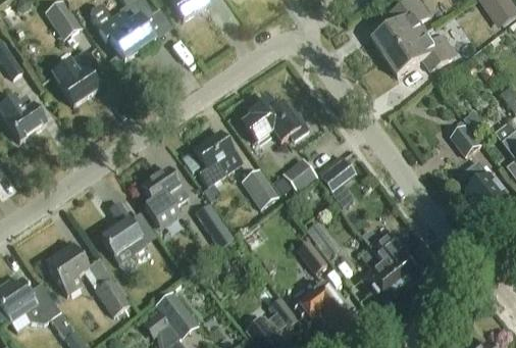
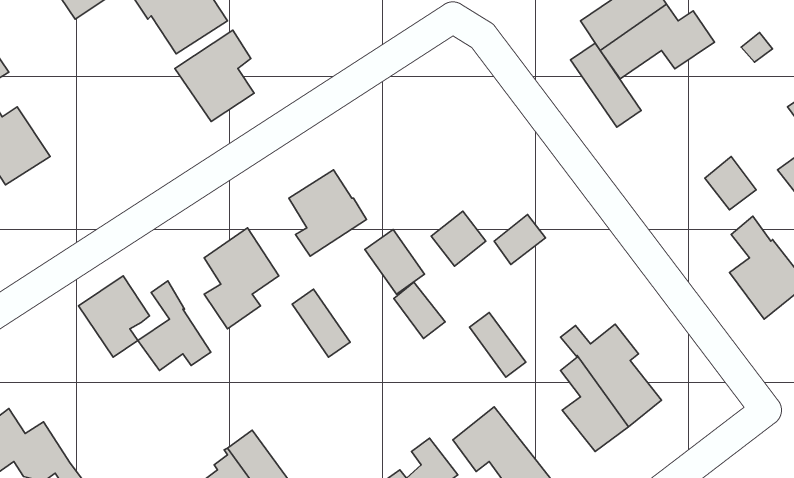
building: [53,49,102,105] -> [175,30,254,121]
building: none -> [571,43,641,127]
building: [247,102,309,142] -> none
building: [296,238,327,272] -> [394,282,445,338]
building: [45,244,89,294] -> [78,276,150,357]
building: [95,278,128,314] -> none

